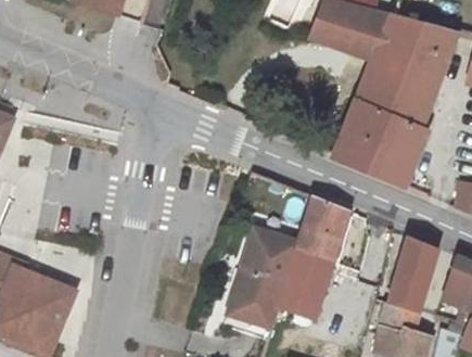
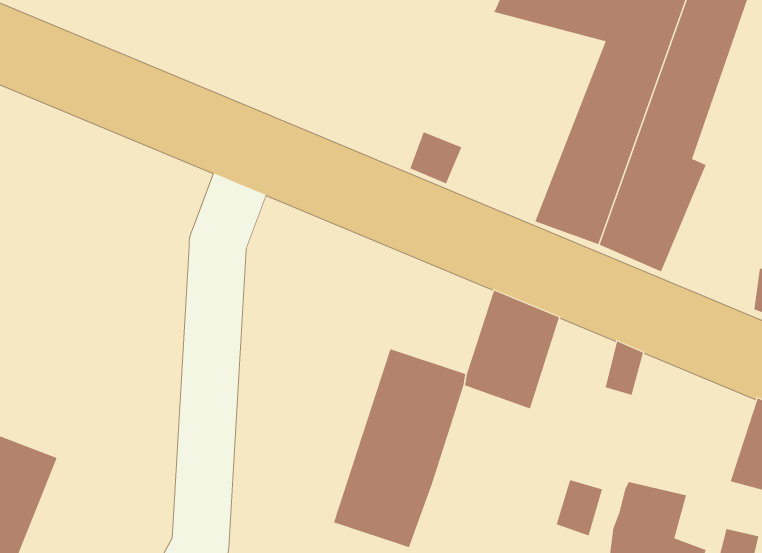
building: [387,235,438,310] -> none
building: [279,250,333,316] -> none

